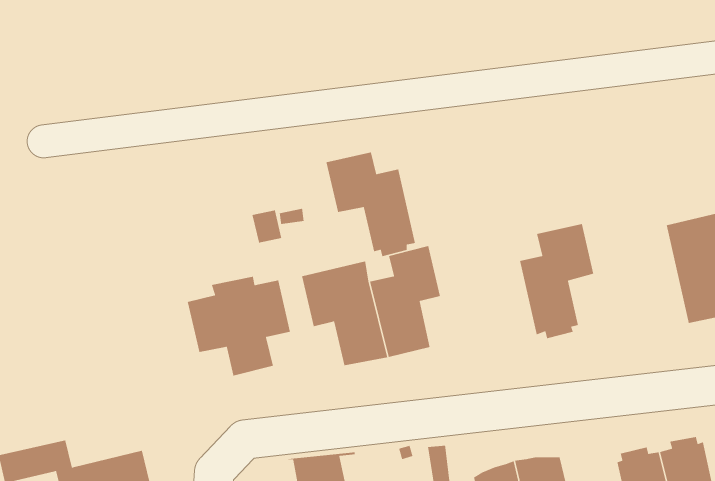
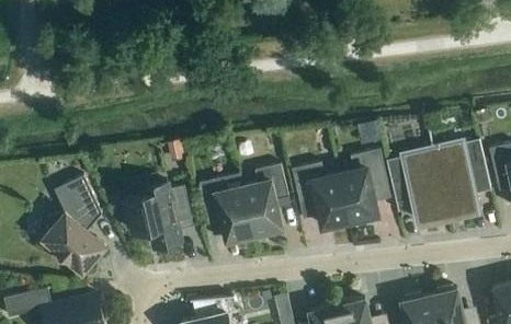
building: [326,152,416,257] -> [292,162,350,230]
building: none -> [386,150,447,221]
building: none -> [43,176,105,273]

